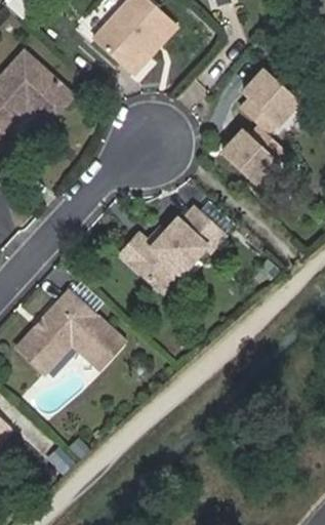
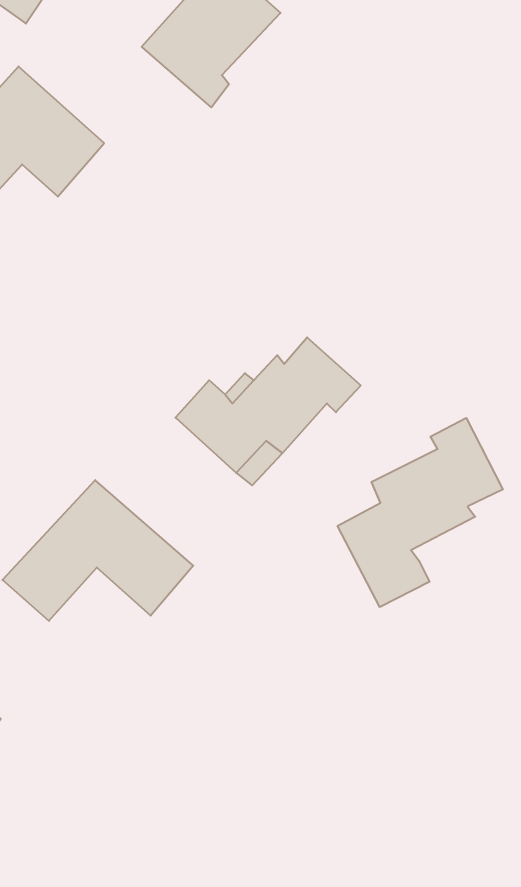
building: [222,72,295,184] -> none
building: none -> [338,418,503,607]

